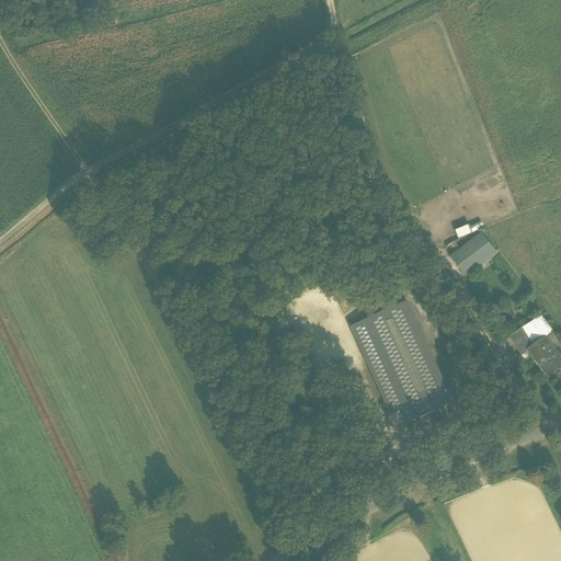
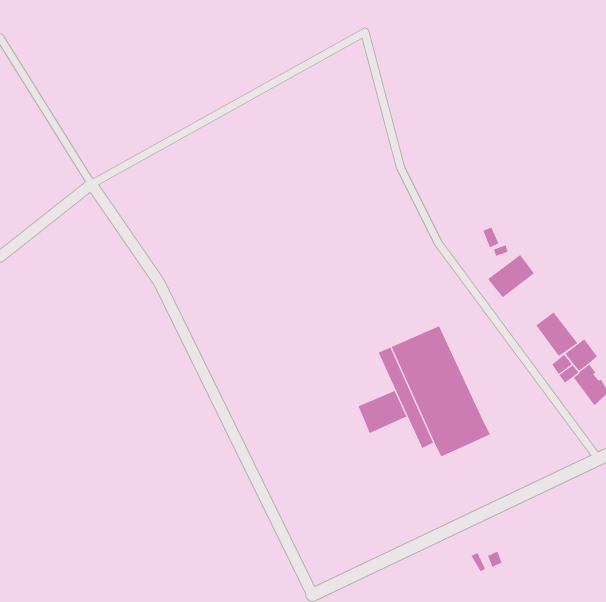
building: none -> [536,311,578,357]
building: none -> [358,390,407,434]

